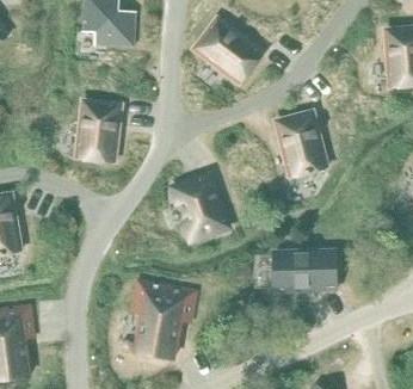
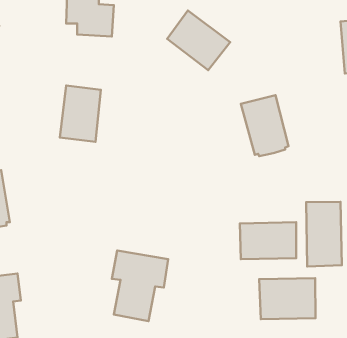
building: [172,174,227,239] -> none
building: none -> [306,202,342,267]
building: none -> [259,278,316,319]

